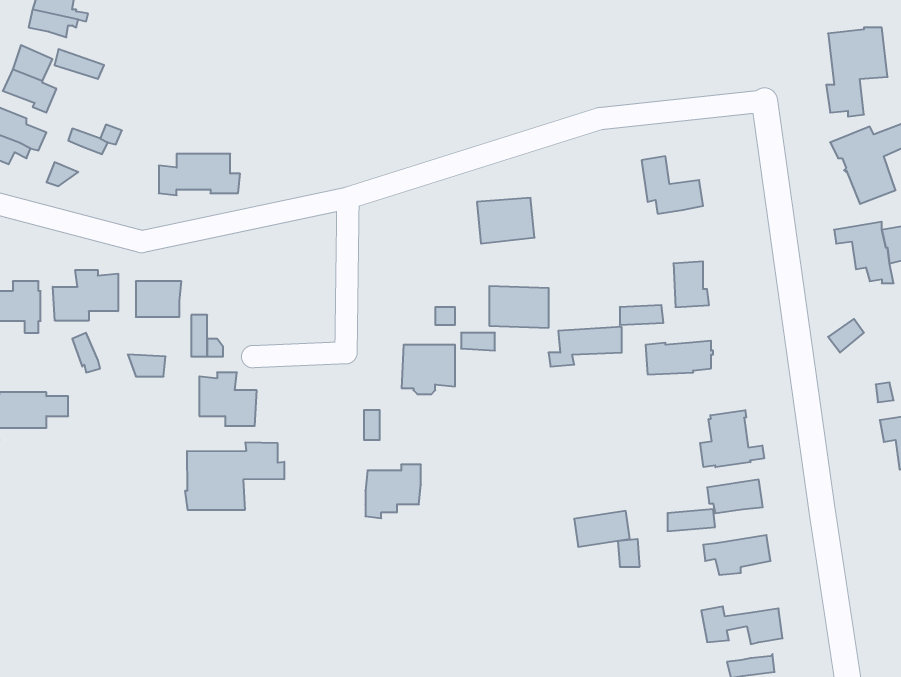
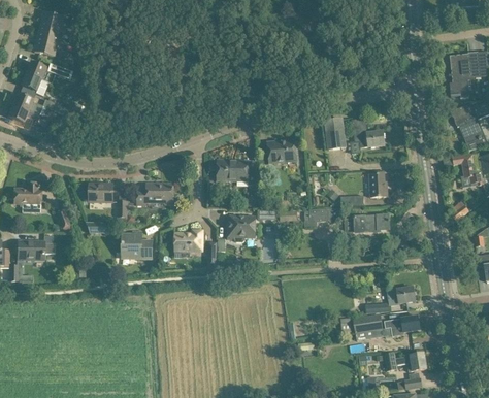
building: [159,154,240,195] -> [137,184,180,205]
building: none -> [325,119,346,150]
building: [53,270,118,321] -> none
building: [489,286,549,328] -> [218,160,249,181]
building: [700,410,764,467] -> none
building: [185,442,284,510] -> none
building: [365,465,421,518] -> [174,230,203,258]
building: [574,511,630,547] -> [354,314,383,333]

